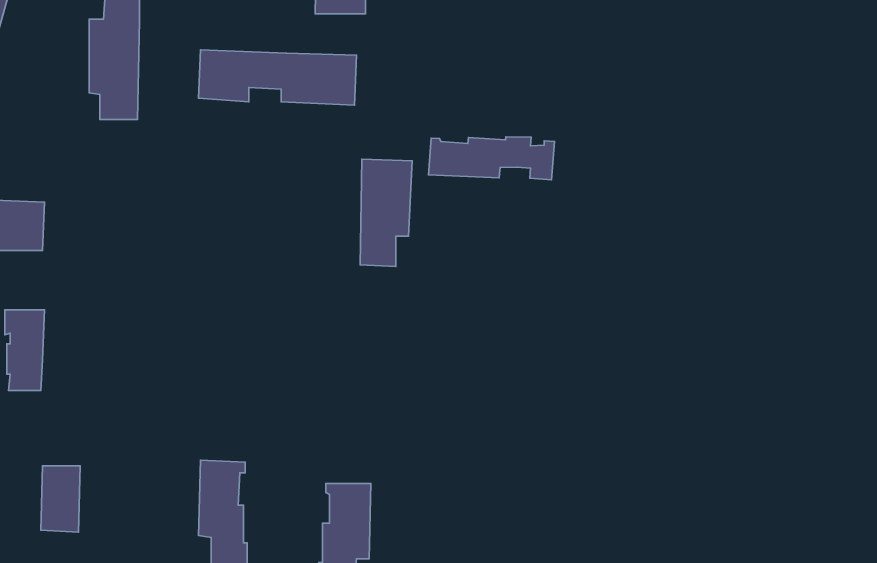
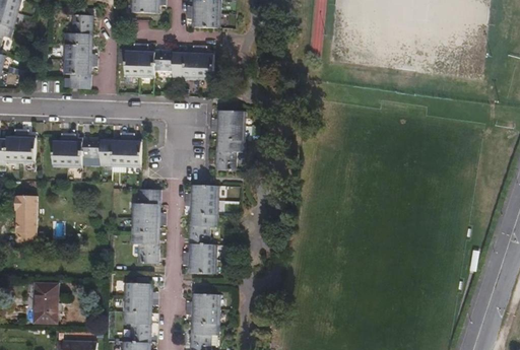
building: [428,137,554,180] -> none
building: none -> [53,137,141,167]
building: none -> [190,185,218,273]
building: none -> [131,187,159,262]

